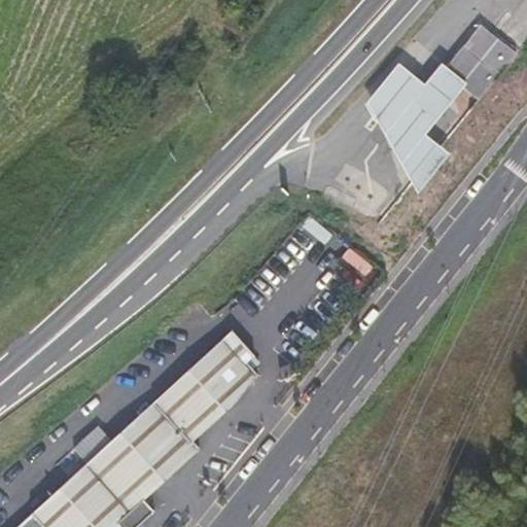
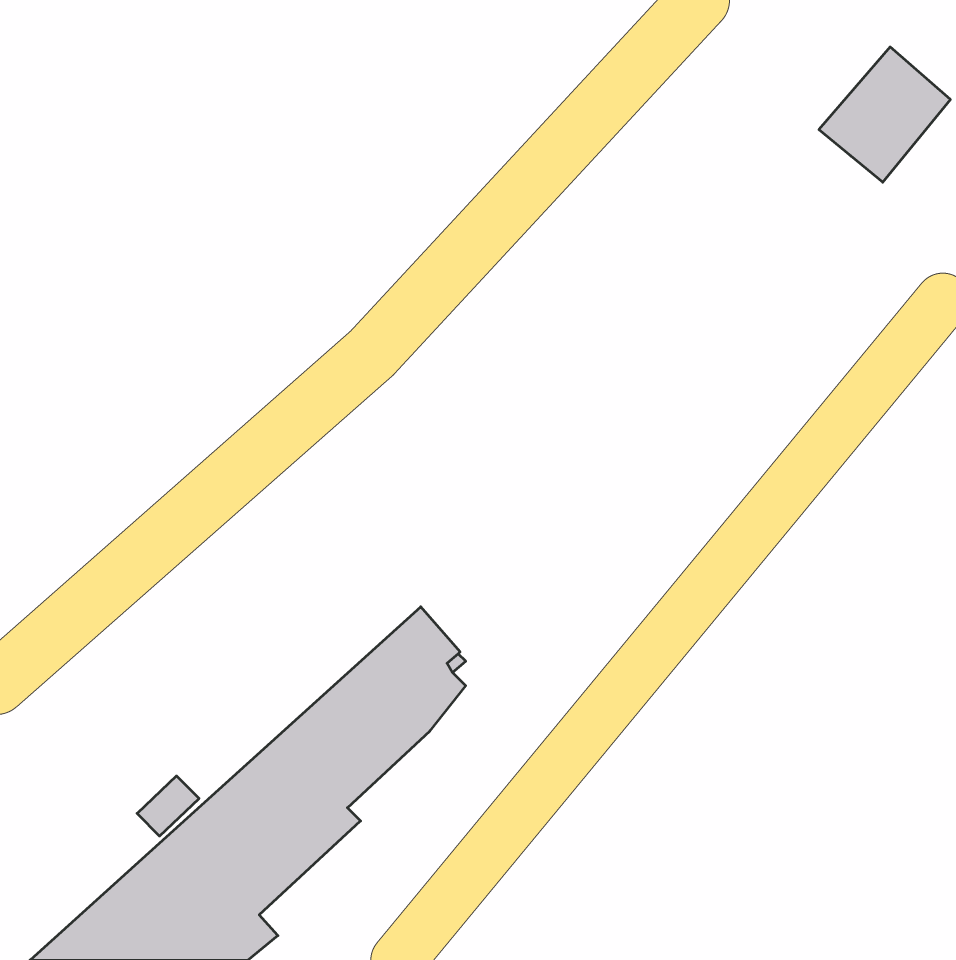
building: [365,64,466,194] -> none

